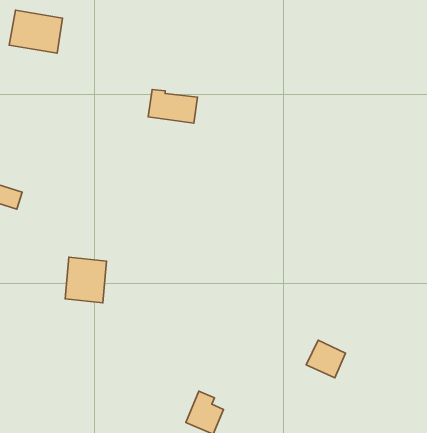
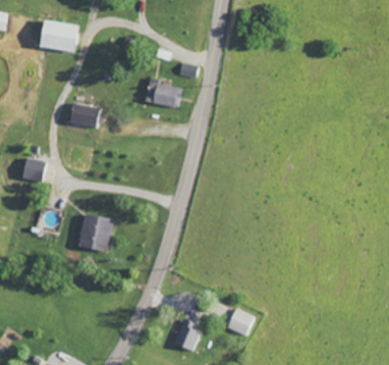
building: none -> [69,104,99,127]
building: [306,340,345,378] -> [227,307,258,336]

